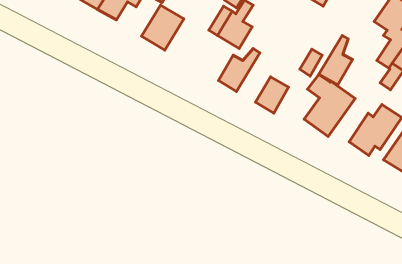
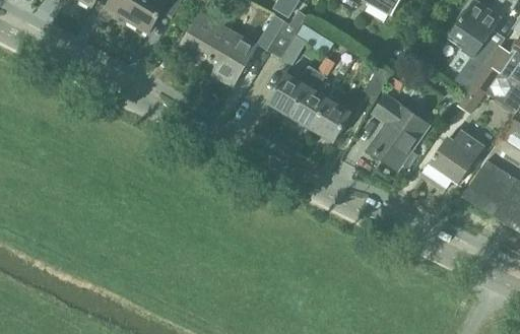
building: none -> [204,30,254,83]
building: [319,35,352,85] -> [288,70,328,128]

